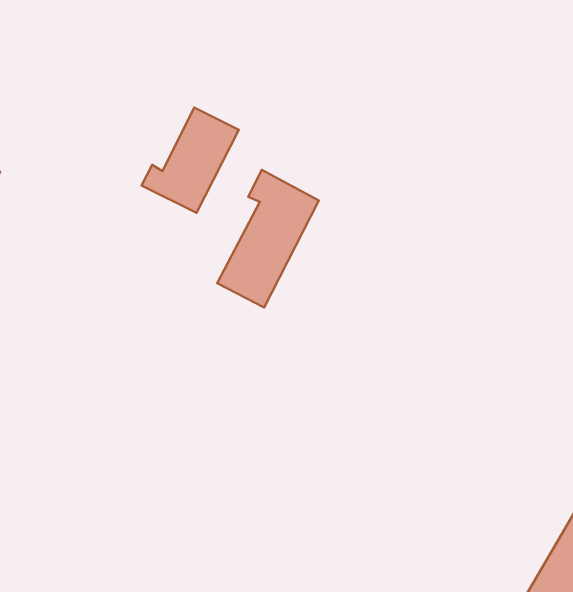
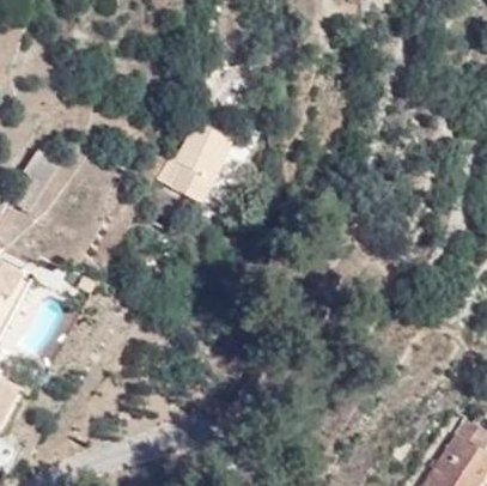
building: [217,170,319,308] -> none

